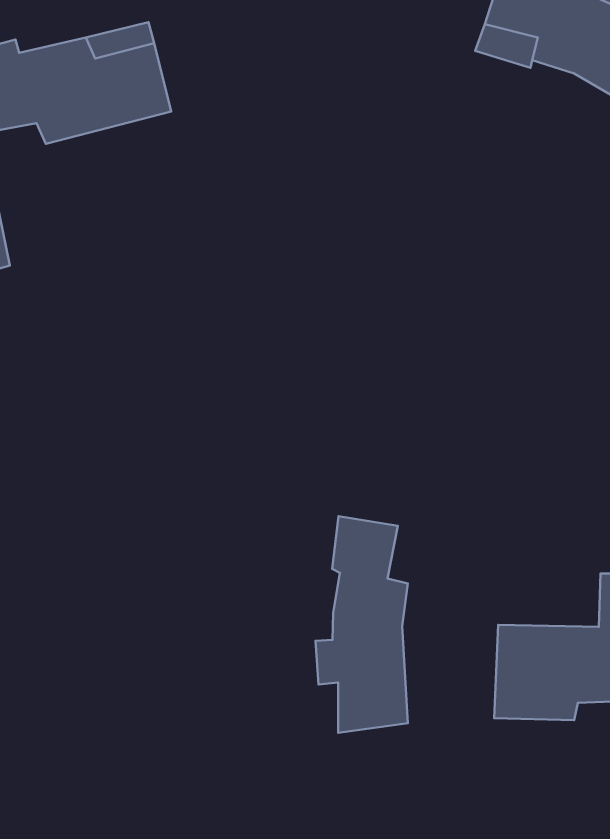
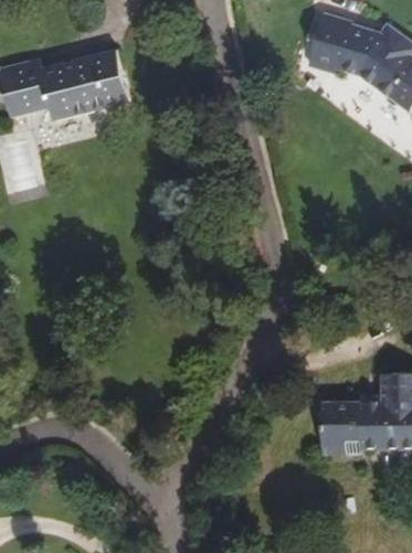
building: [315,516,408,733] -> none

